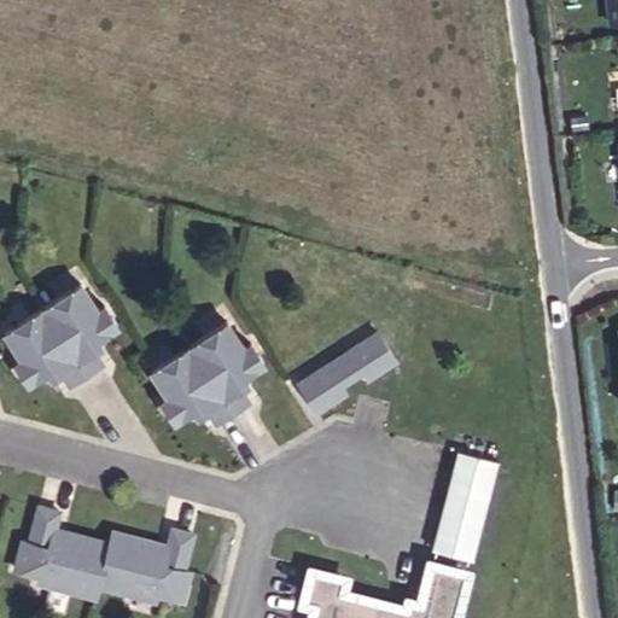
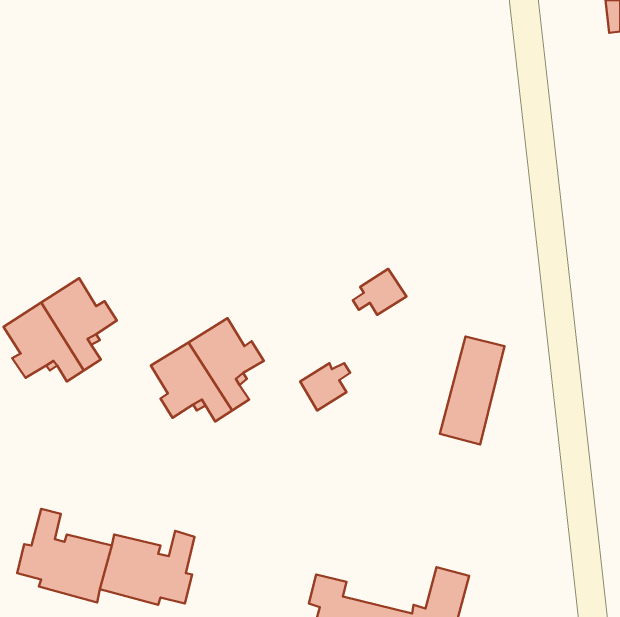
building: [342,333,395,379] -> [353,269,406,315]
building: [433,454,497,561] -> [440,337,504,445]

